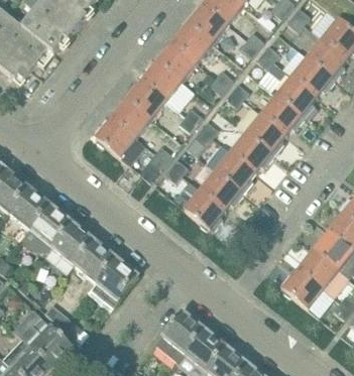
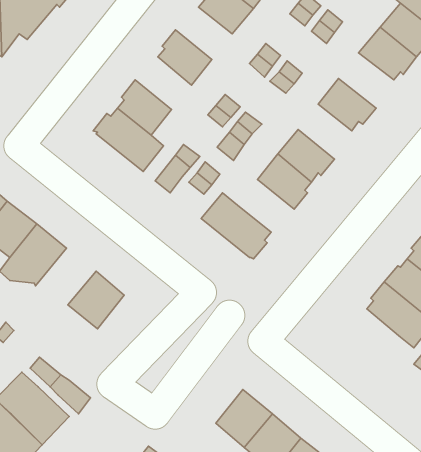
building: [154,41,197,81] -> none
building: [276,76,318,117] -> none
building: [124,79,166,118] -> none
building: [246,114,286,155] -> none
building: [201,170,243,210] -> none
building: [49,222,95,264] -> none
building: [89,257,138,302] -> none
building: [280,267,323,307] -> none
building: [155,310,205,361] -> none

